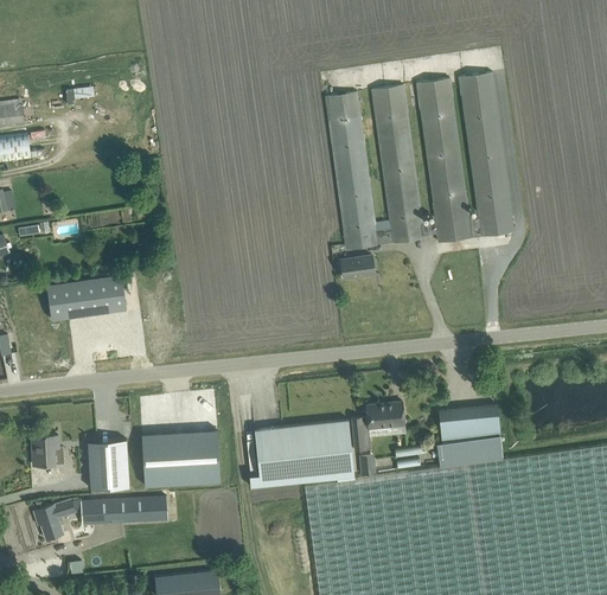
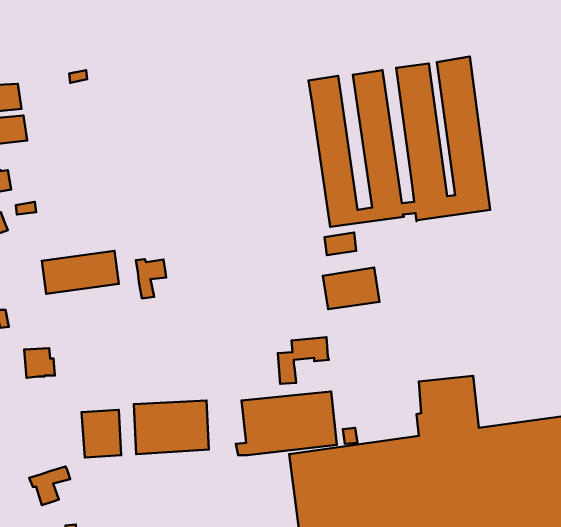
building: none -> [136,259,166,298]
building: none -> [323,267,379,309]
building: [352,402,405,450] -> [278,337,329,384]
building: [32,435,64,466] -> [24,348,55,378]
building: [82,491,168,524] -> none

